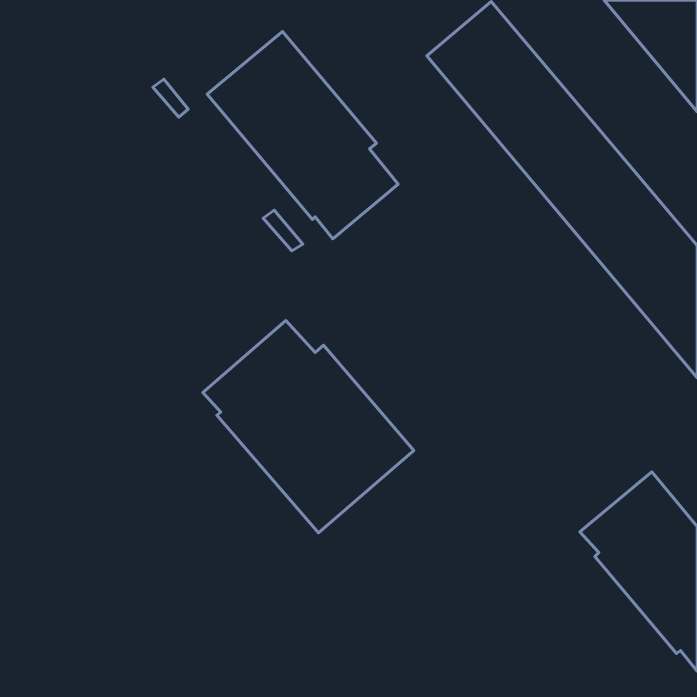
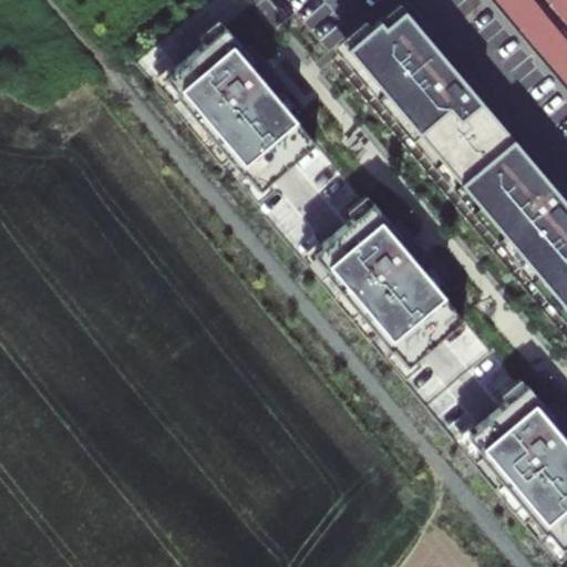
building: none -> [312,194,464,362]
building: [203,320,414,533] -> none

